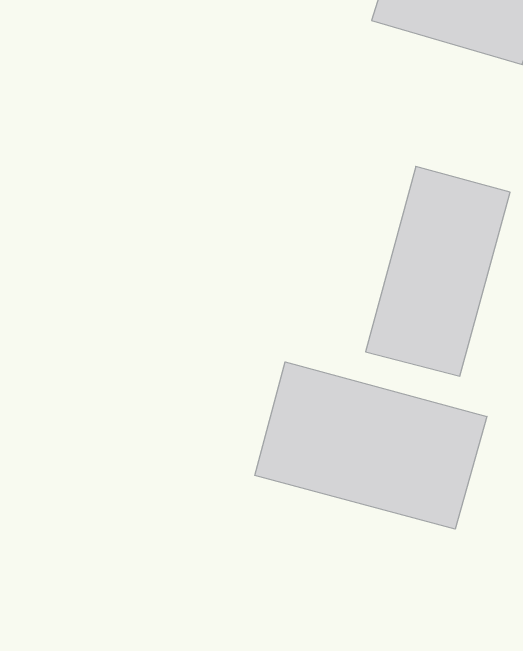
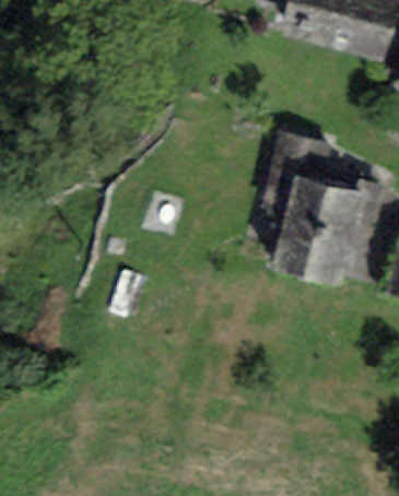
building: [255,362,487,529] -> none

